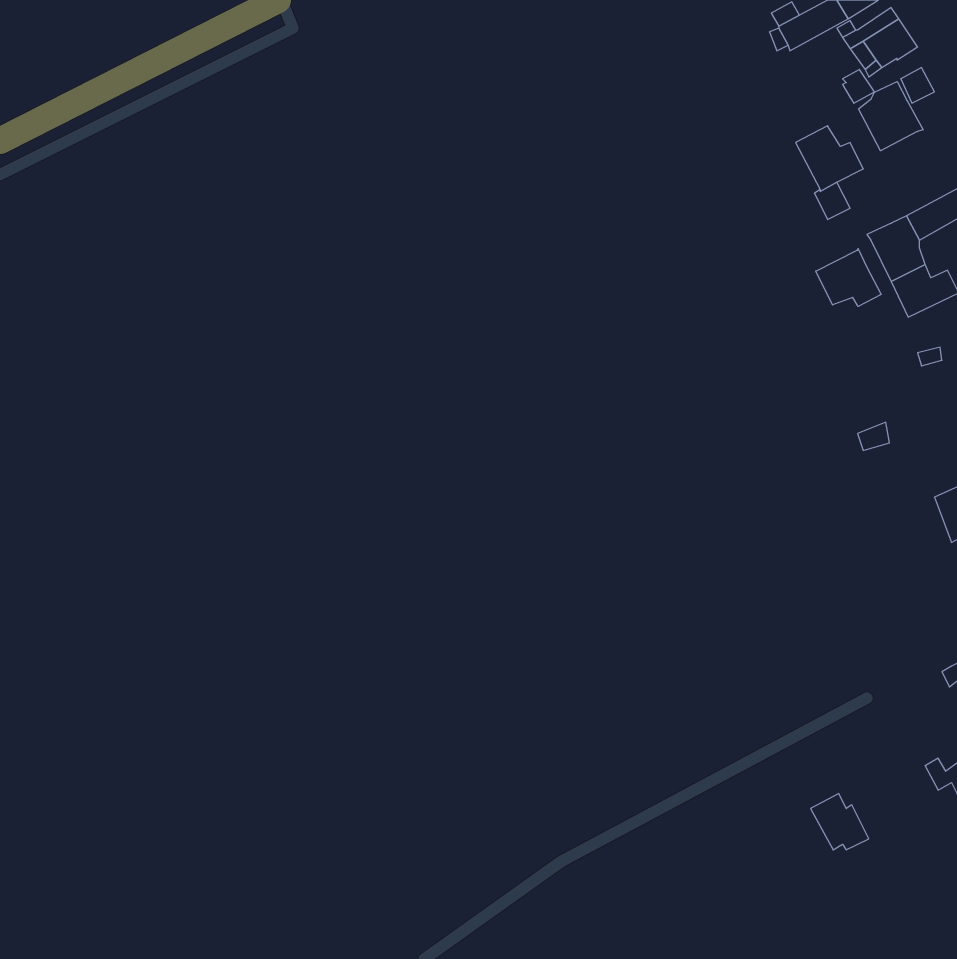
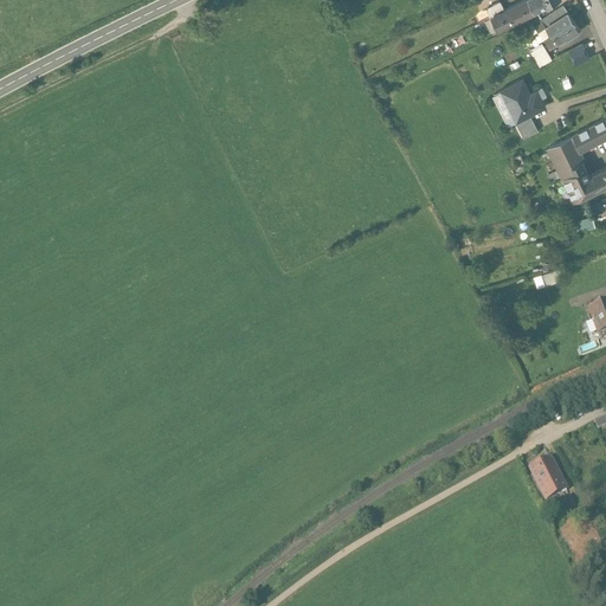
building: [859,82,923,151] -> none
building: [816,249,881,306] -> none
building: [811,794,869,850] -> [531,464,568,499]

